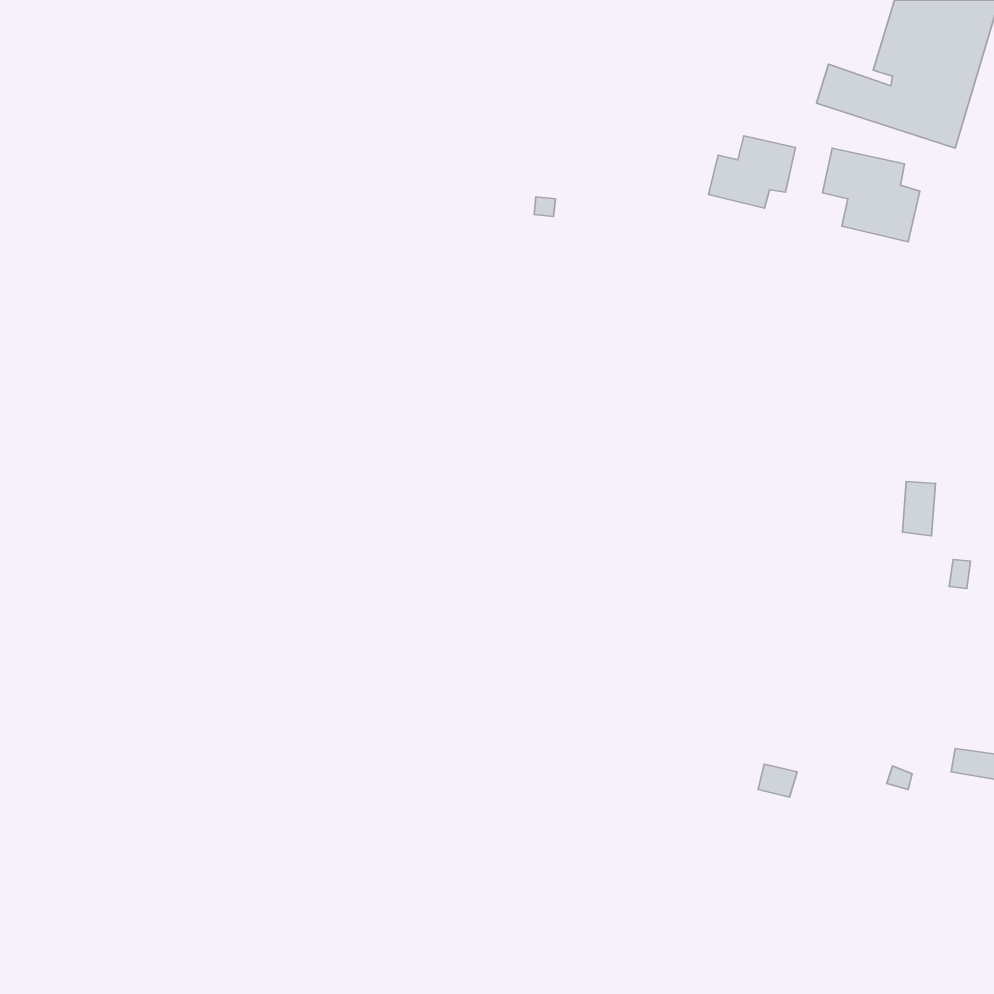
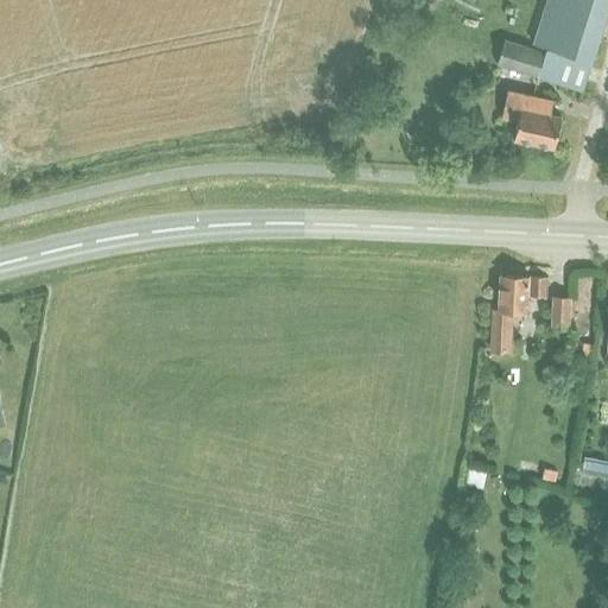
building: [709,136,796,208] -> none
building: none -> [490,273,549,350]

